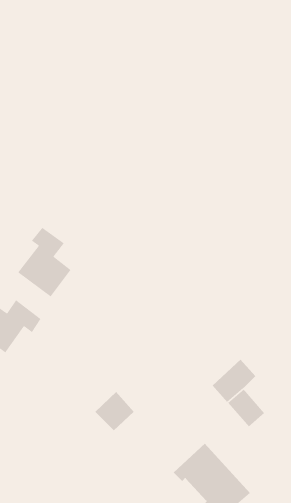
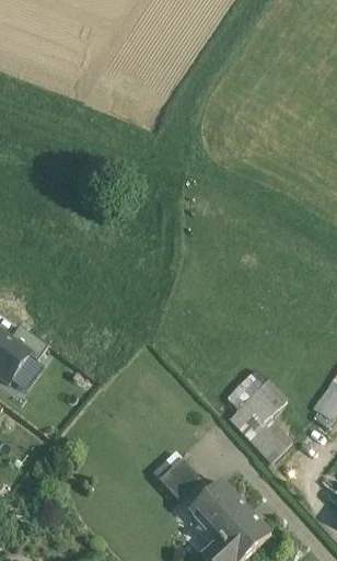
building: [17,227,71,297] -> none
building: [94,391,134,431] -> [156,456,199,499]

